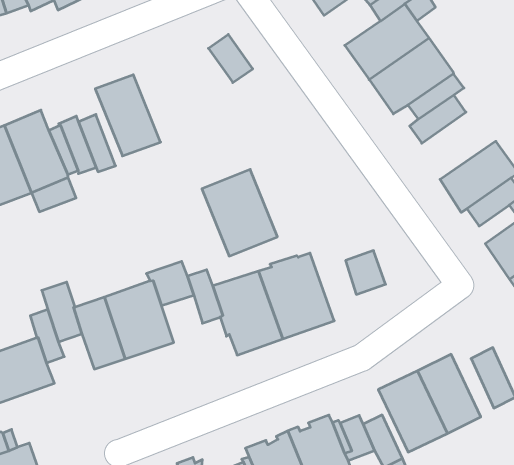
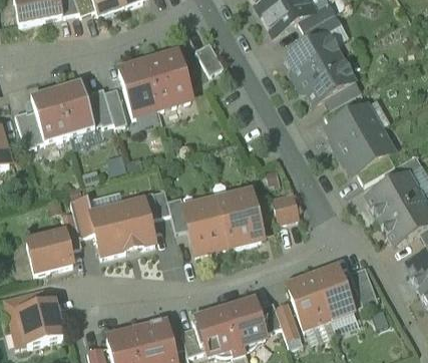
building: none -> [328,103,380,148]
building: [202,169,277,256] -> [144,51,191,107]

